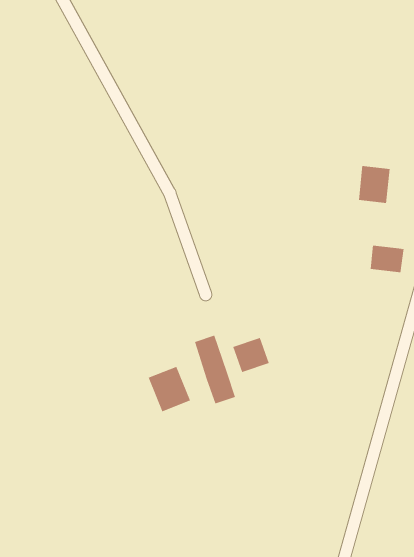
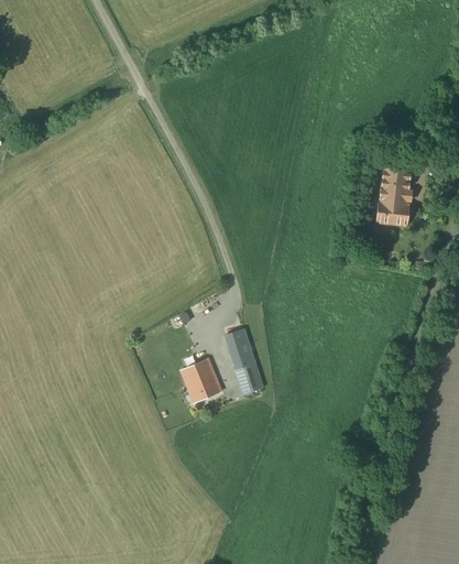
building: [370,245,404,273] -> [378,199,411,226]
building: [232,337,269,373] -> none

